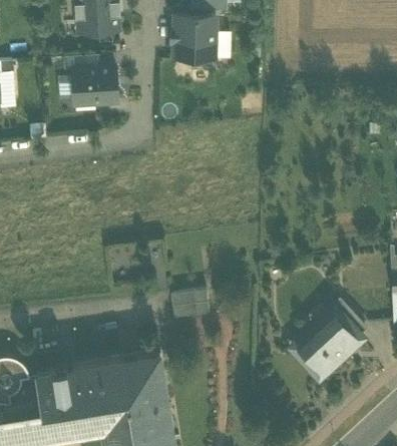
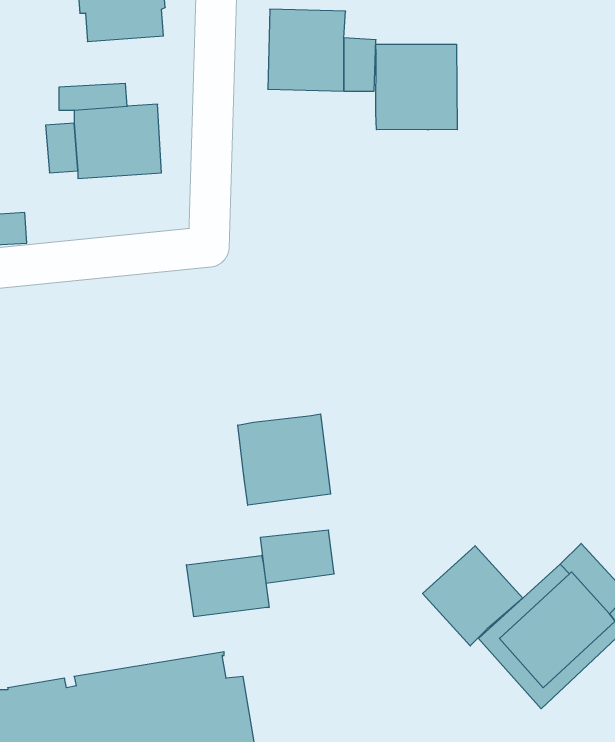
building: none -> [376,44,457,130]
building: none -> [238,414,331,505]
building: none -> [423,546,523,646]
building: none -> [186,555,269,617]

